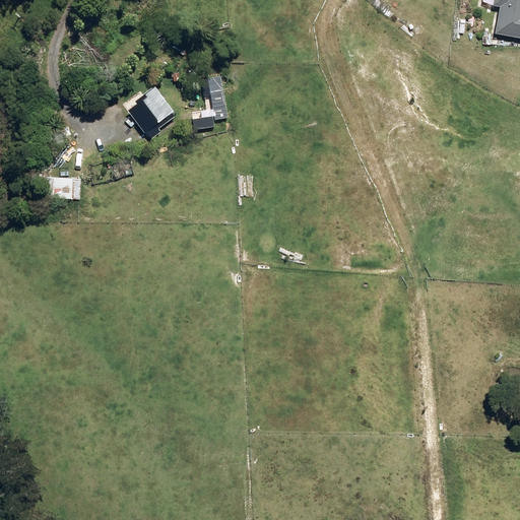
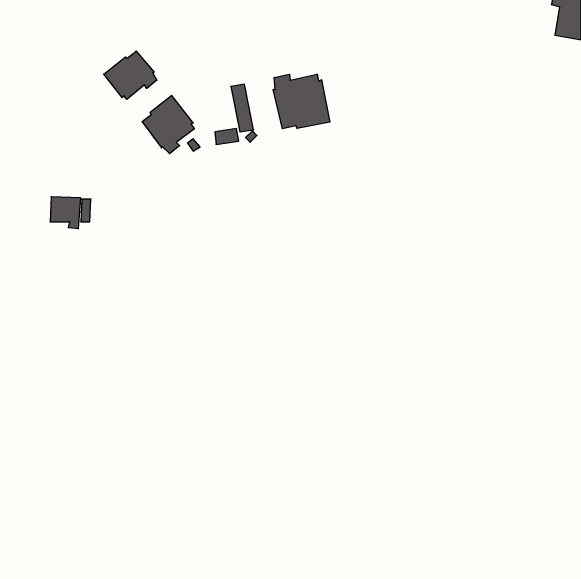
building: none -> [104,51,157,99]
building: none -> [273,74,330,129]

